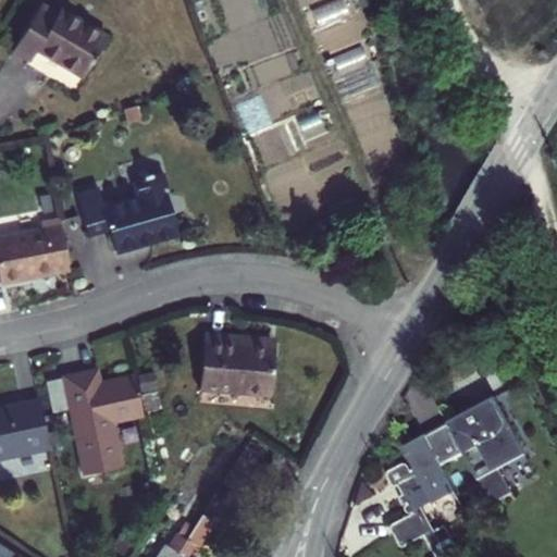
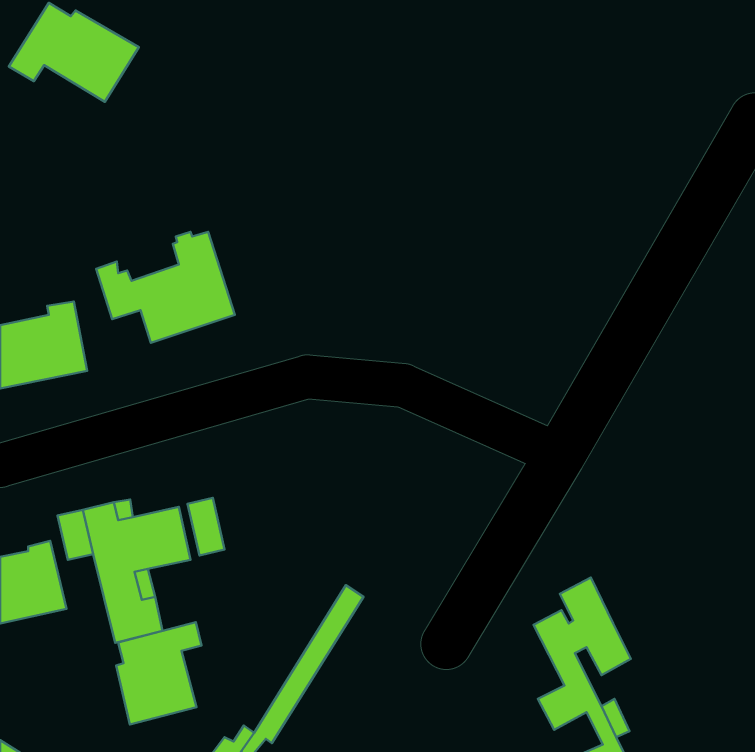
building: [199,332,274,394] -> none
building: [435,391,536,474] -> none
building: none -> [116,622,201,724]

